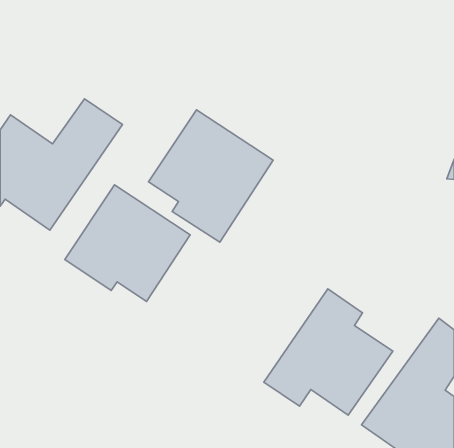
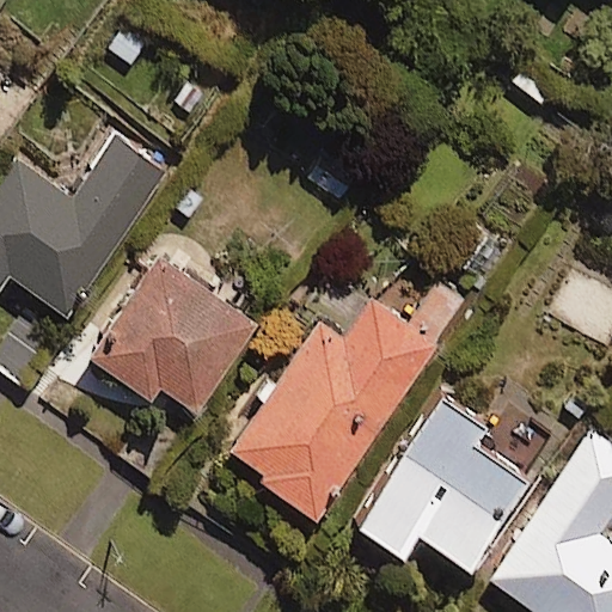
building: [148,110,273,242] -> none
building: none -> [226,284,463,520]

